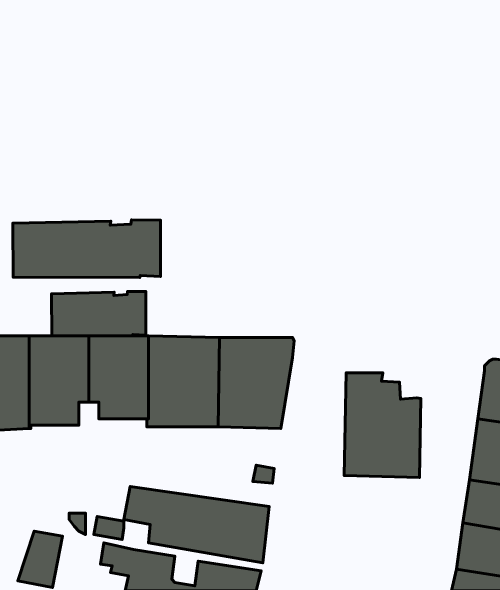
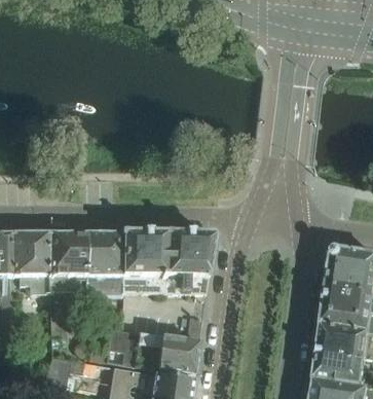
building: [13,220,161,277] -> none
building: [52,291,146,336] -> none
building: [344,373,421,478] -> none

